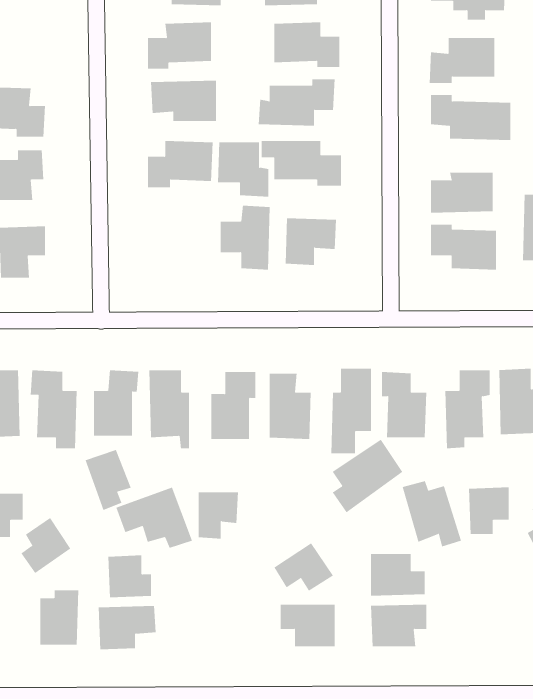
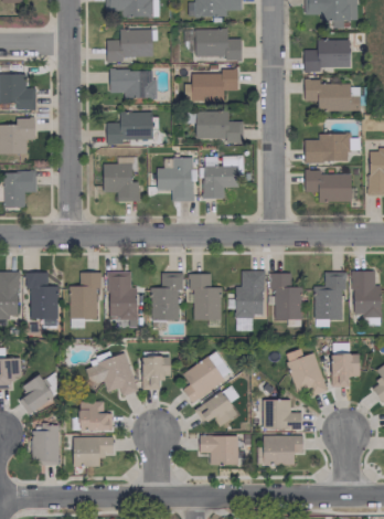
building: [217,142,269,197] -> [103,163,139,202]
building: [332,439,403,513] -> [182,351,232,403]
building: [85,449,131,511] -> none

